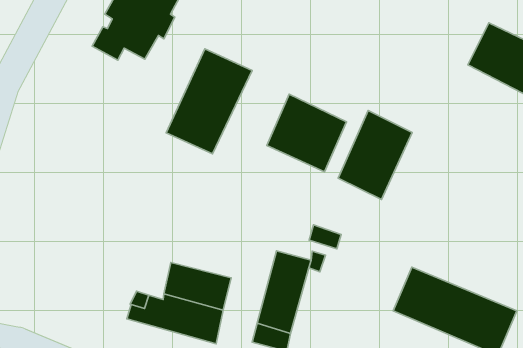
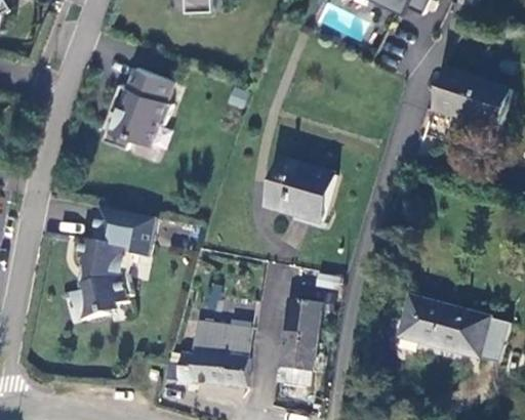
building: [166,49,252,154] -> none
building: [338,111,412,199] -> none
building: none -> [73,205,155,320]

